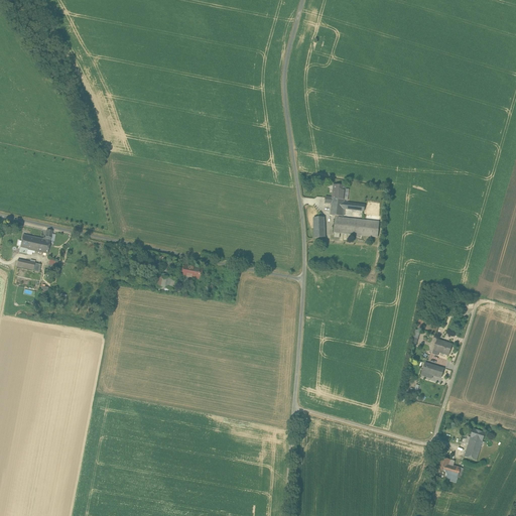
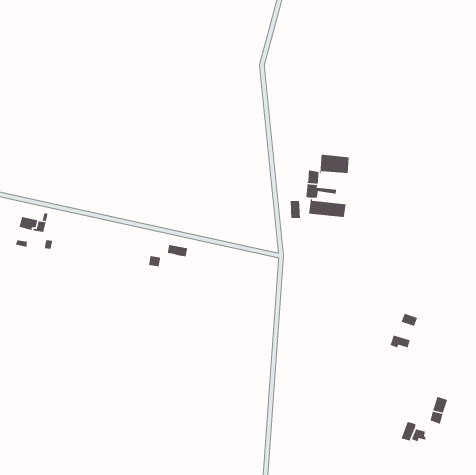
building: none -> [319,154,350,174]

